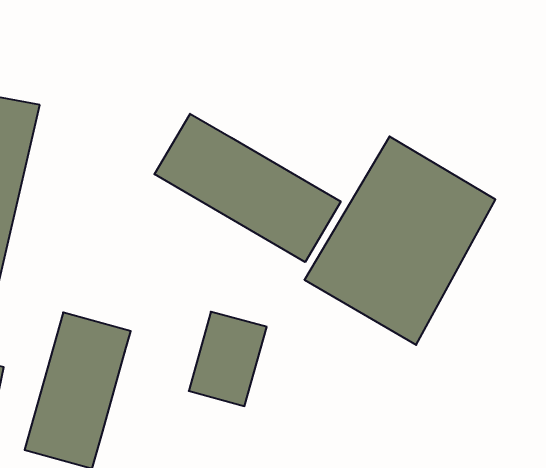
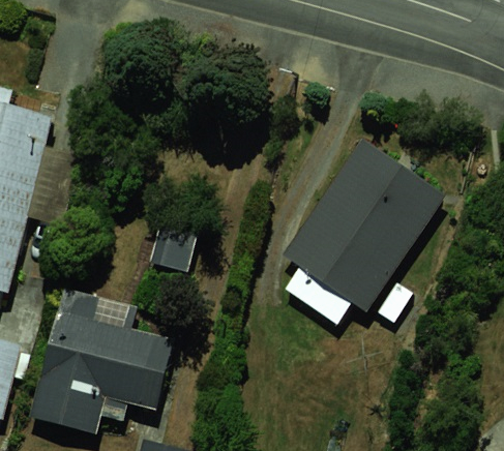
building: [154,114,341,262] -> none
building: [189,312,267,406] -> [102,329,172,413]

